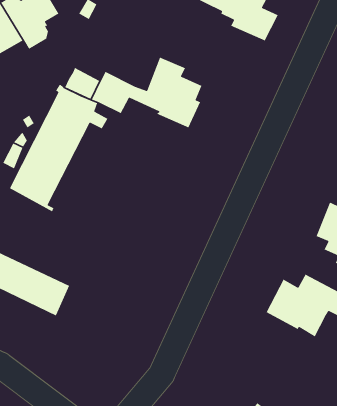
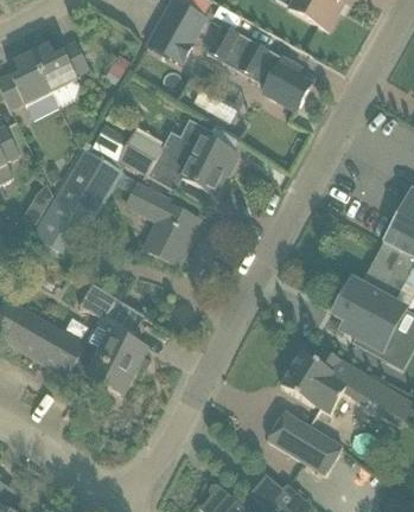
building: none -> [128,181,199,265]
building: none -> [69,283,148,395]
building: none -> [268,410,340,472]

